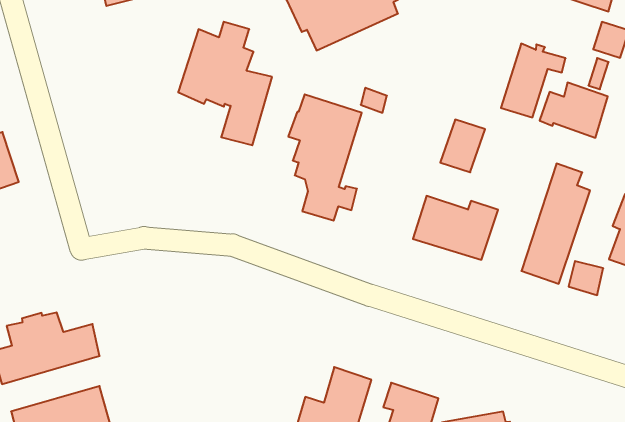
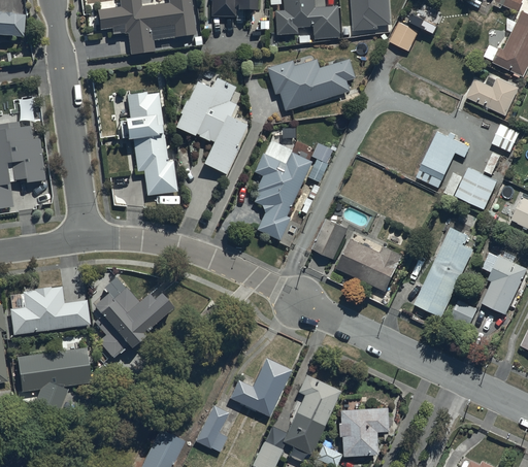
building: none -> [124,95,176,199]
building: [440,120,485,172] -> [312,215,350,257]
building: none -> [94,283,174,355]

